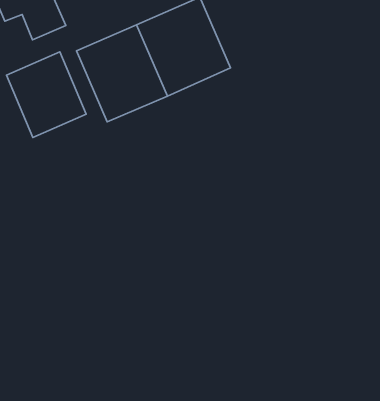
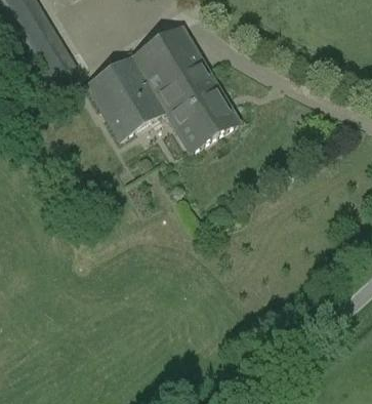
building: [6,52,86,137] -> none
building: none -> [165,80,238,150]

